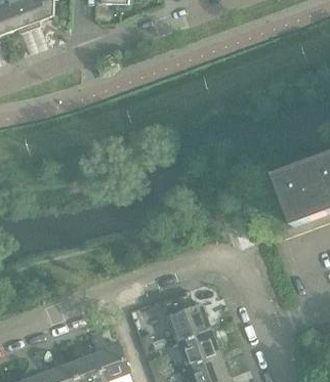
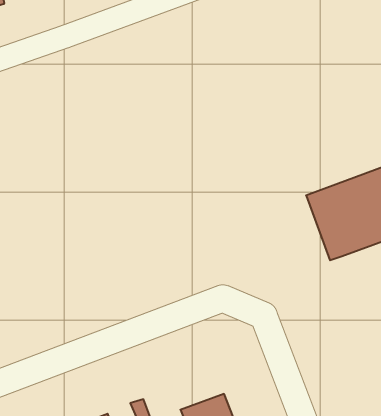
building: [166,301,208,339] -> none

